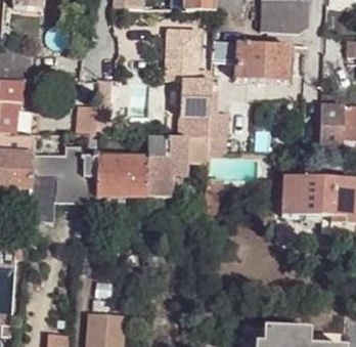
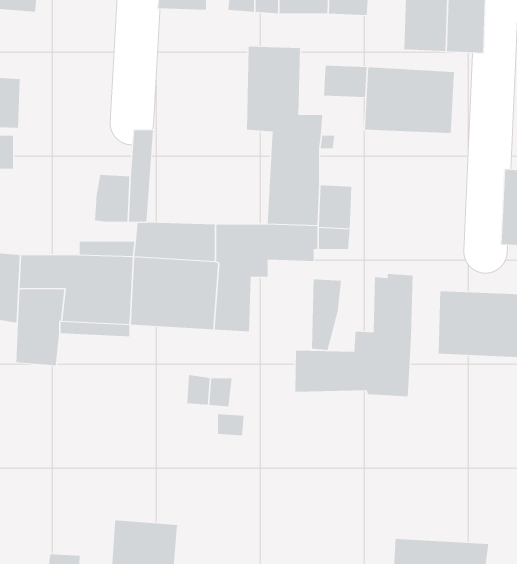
building: none -> [295,273,413,397]

